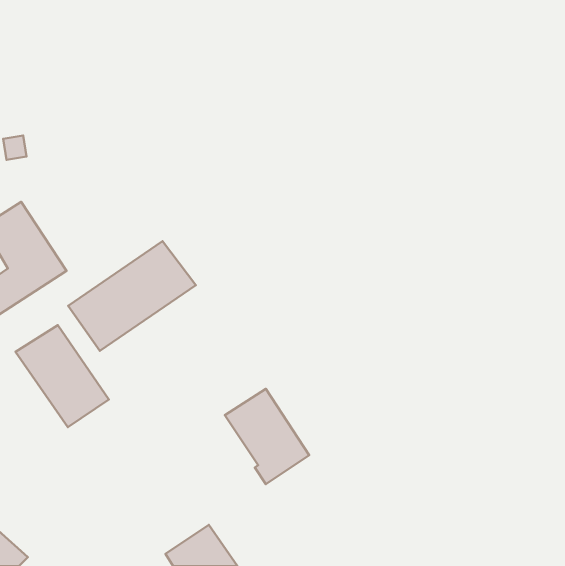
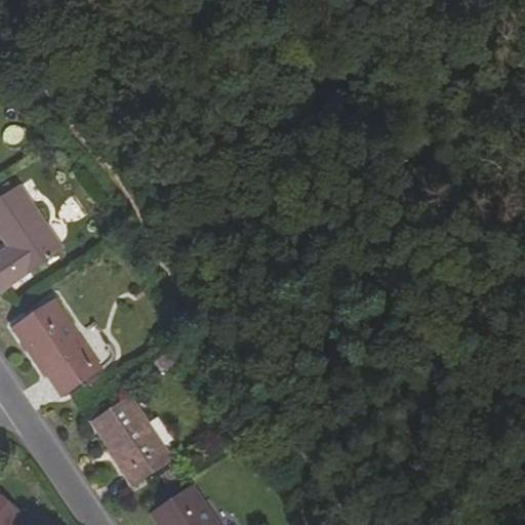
building: [68,241,196,351] -> none
building: [225,389,309,484] -> [92,397,170,485]

